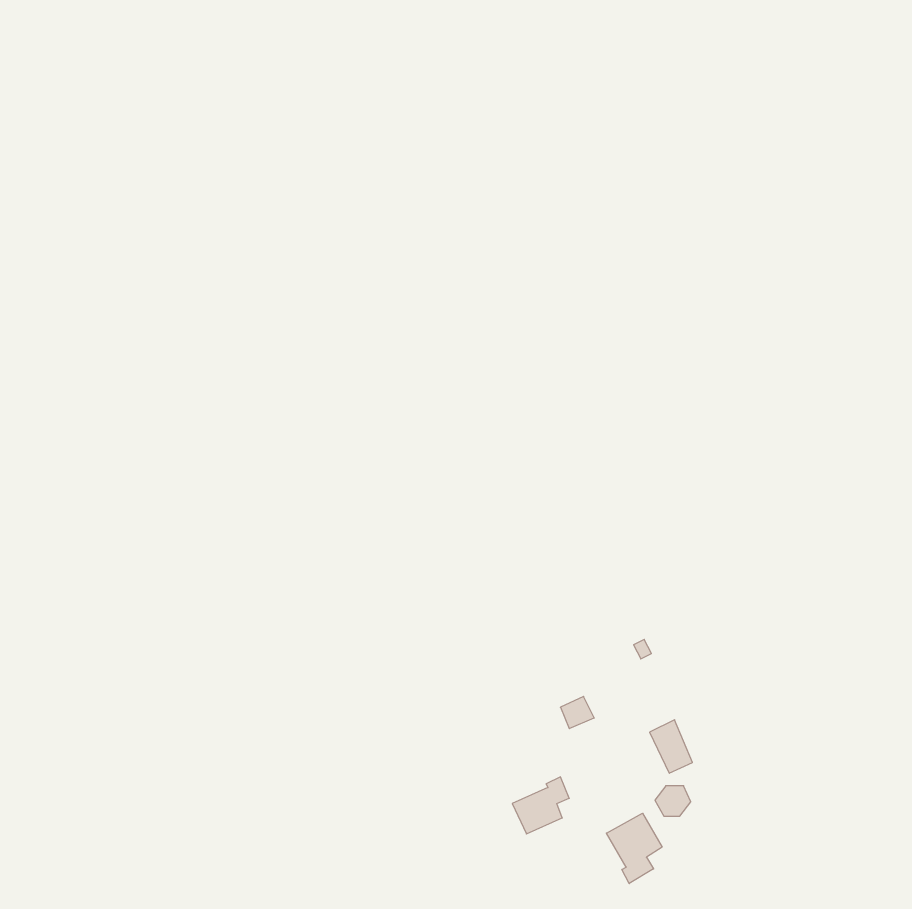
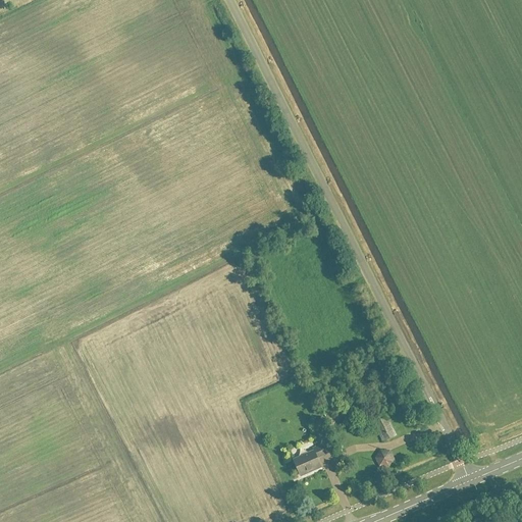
building: [606,813,662,884] -> none

